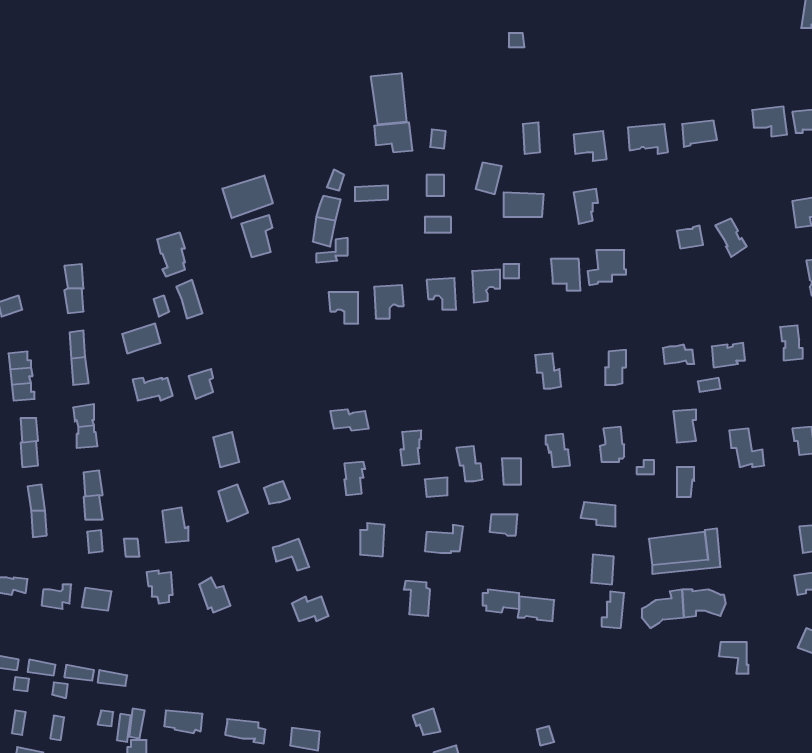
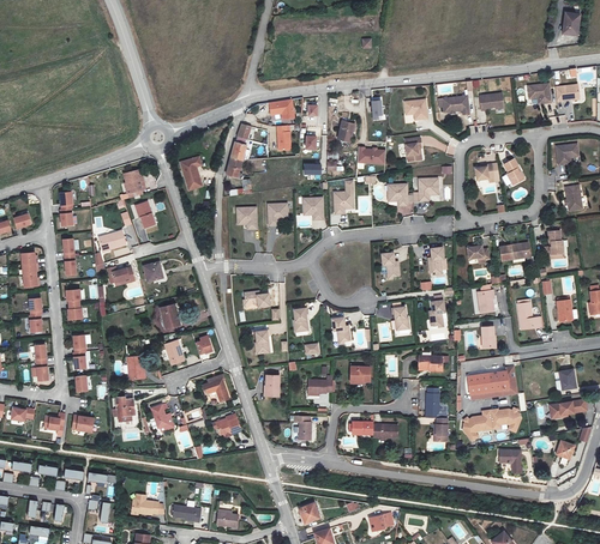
building: [371,73,406,124] -> none
building: [222,175,273,218] -> none

